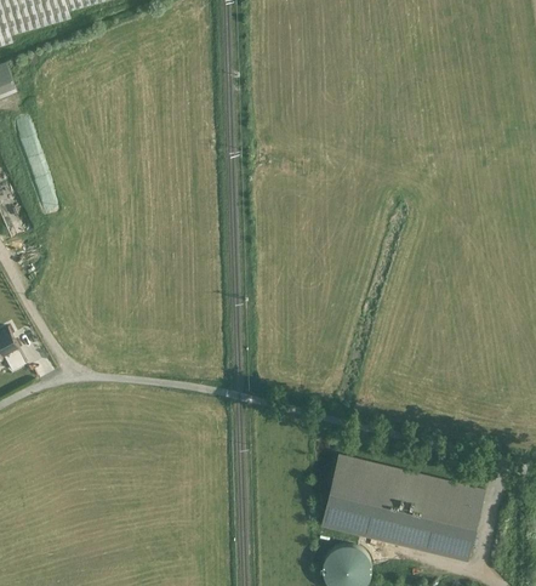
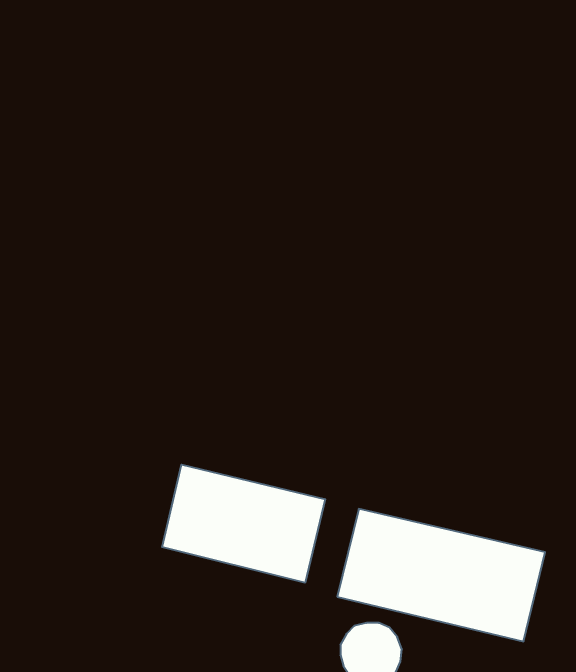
building: none -> [162,465,325,583]

